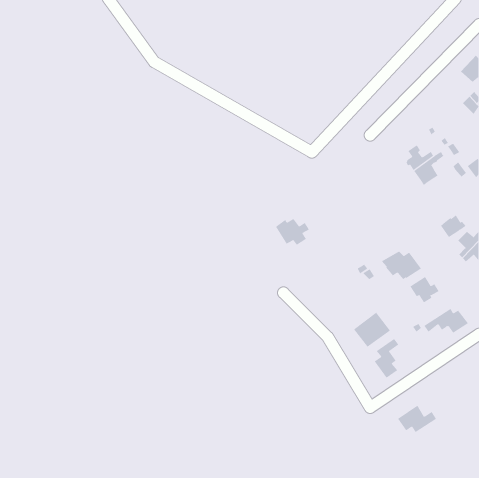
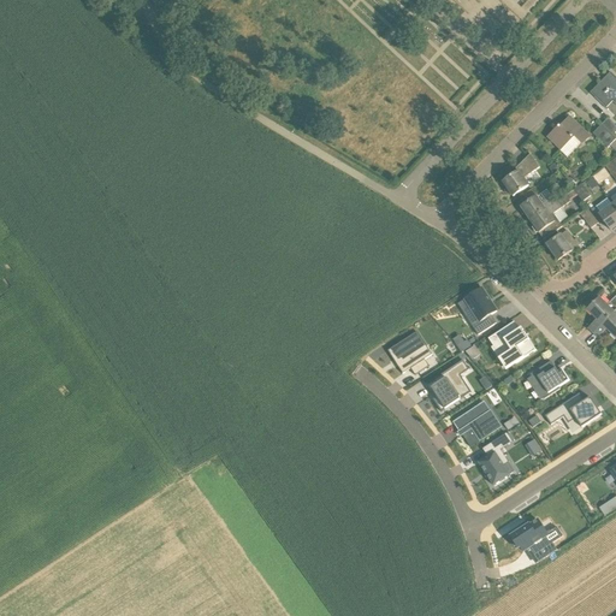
building: none -> [546,116,590,155]
building: none -> [502,155,535,195]
building: [440,214,466,238] -> [546,229,580,259]
building: [275,218,310,245] -> [393,334,438,369]
building: none -> [461,290,496,333]
building: none -> [428,356,472,408]

